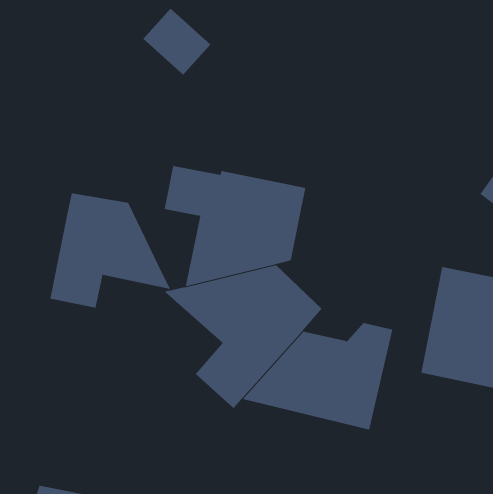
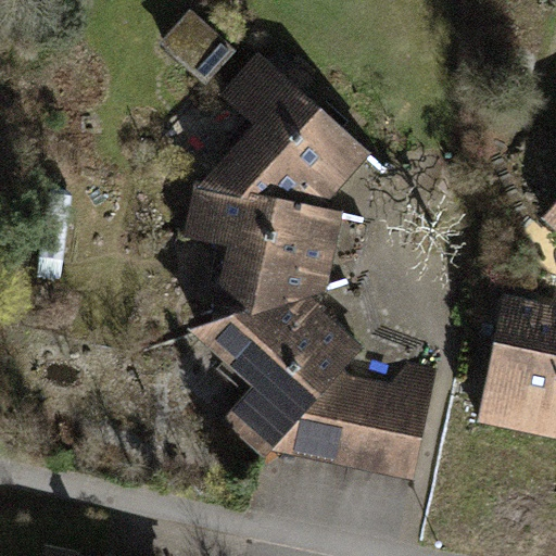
building: none -> [195,52,369,207]
building: [50,192,171,308] -> none

